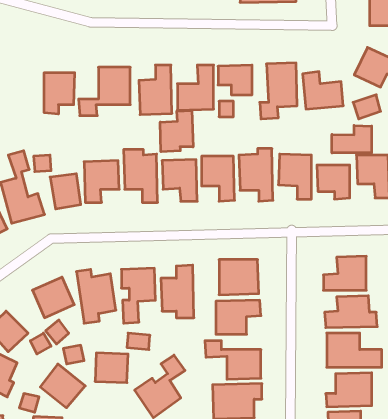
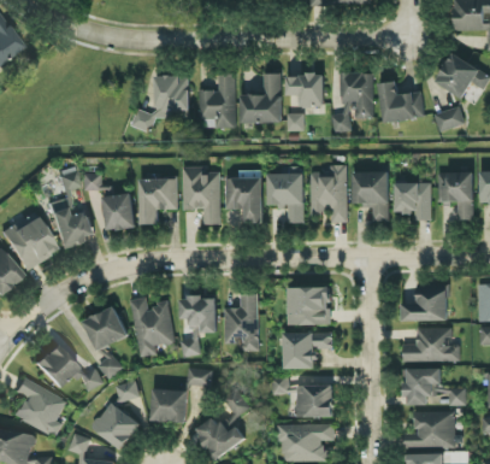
building: [44,73,75,114] -> none
building: [160,111,193,152] -> none
building: [332,125,372,153] -> none

